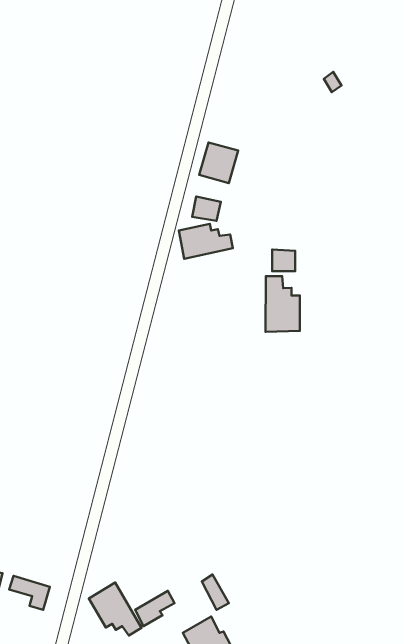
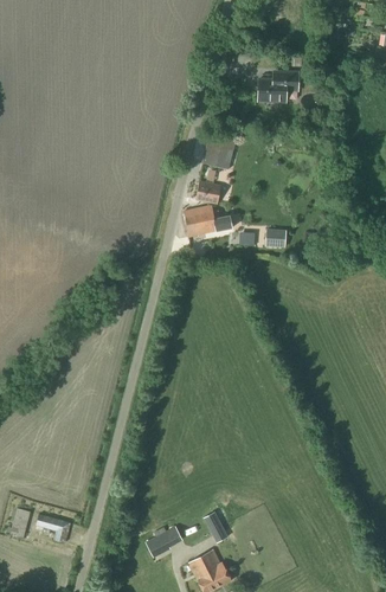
building: none -> [258,69,300,101]
building: [266,276,300,332] -> none
building: [89,582,141,636] -> none

